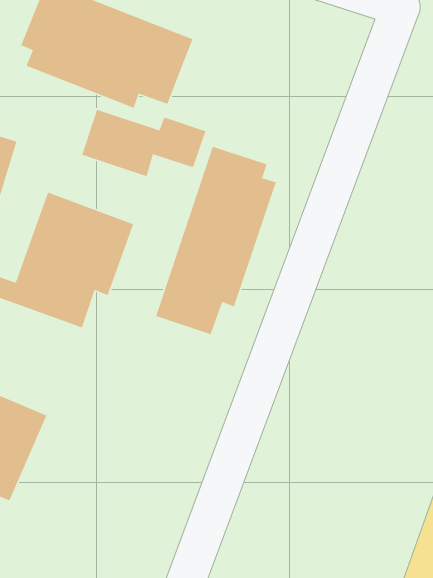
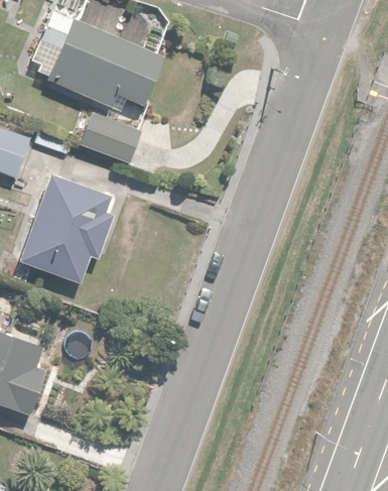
building: [155,146,277,335] -> none

